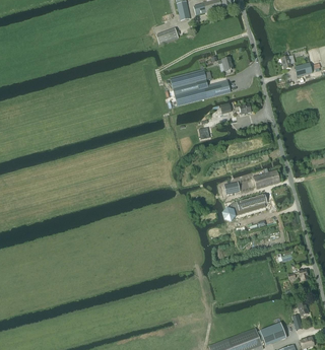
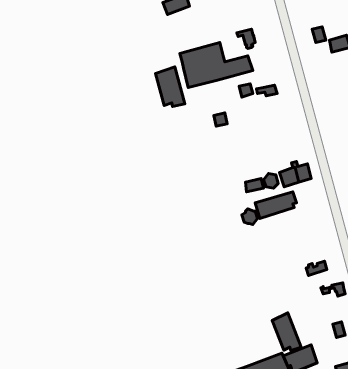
building: none -> [156,67,185,106]
building: none -> [272,313,301,350]

